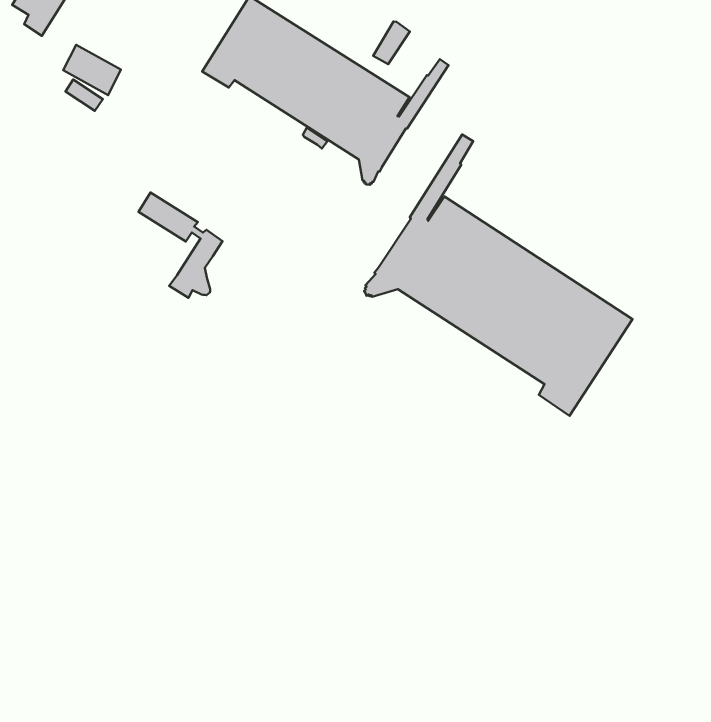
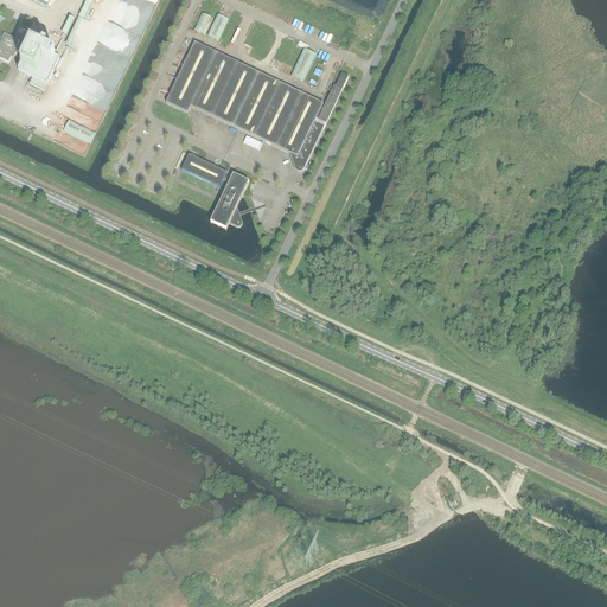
building: [364,135,632,416] -> none
building: [138,192,223,298] -> [180,151,245,225]

